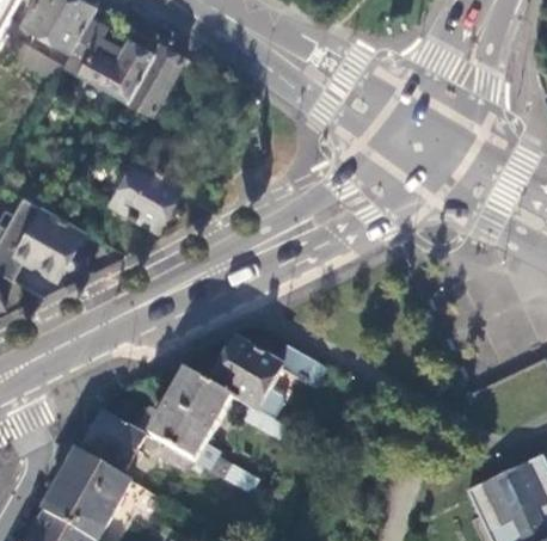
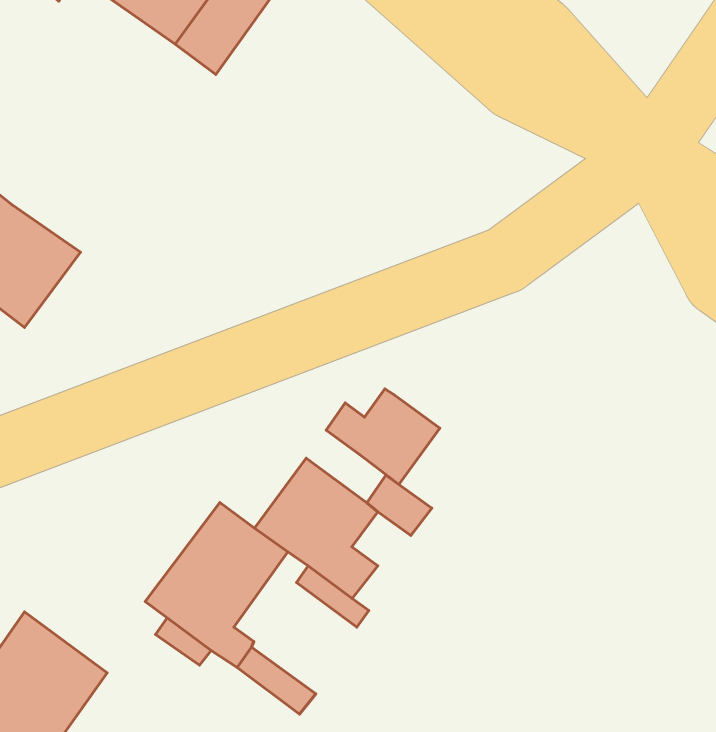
building: [110,158,185,232] -> none
building: none -> [326,389,440,484]
building: [79,411,143,472] -> none

